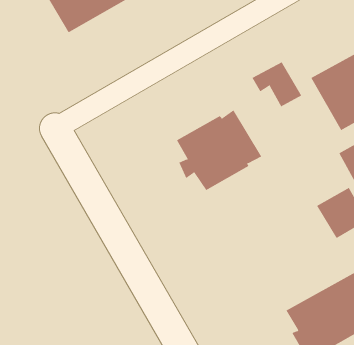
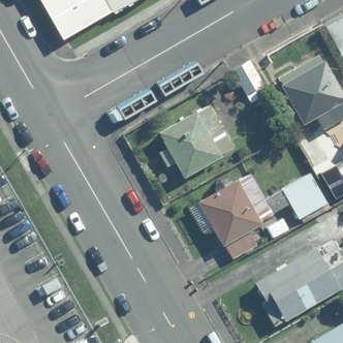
building: none -> [198,173,274,259]

